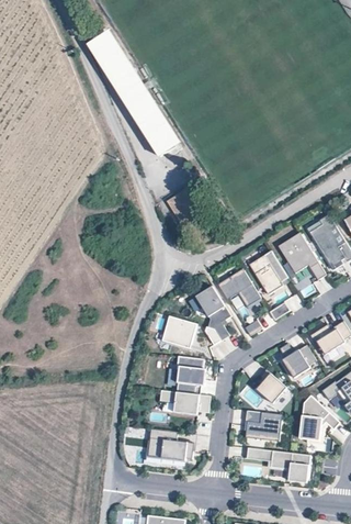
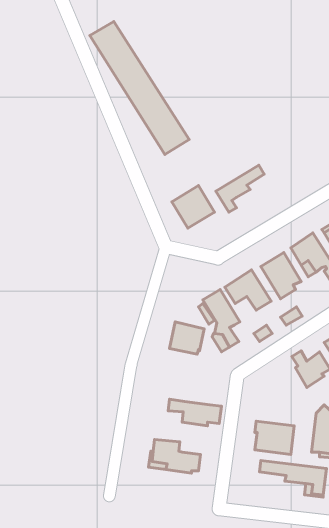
building: none -> [216,165,264,212]
building: [178,356,207,395] -> none
building: [259,370,290,408] -> none

